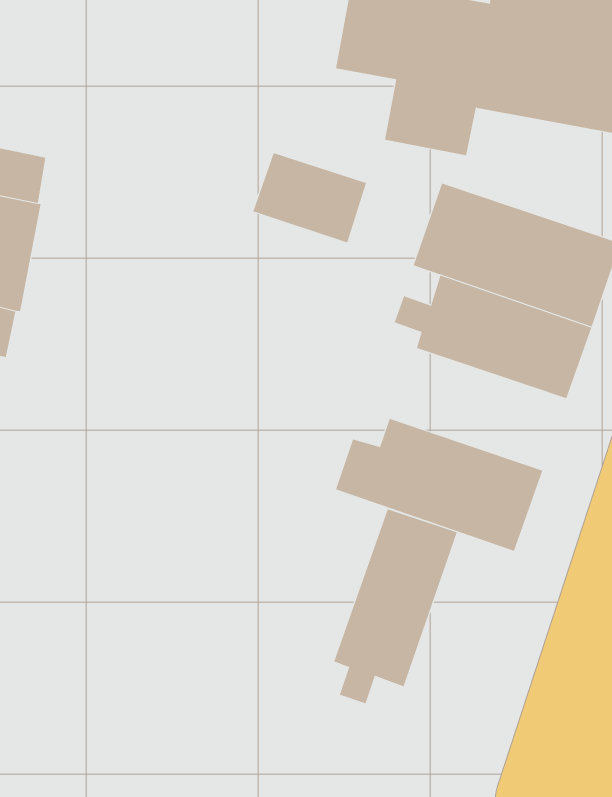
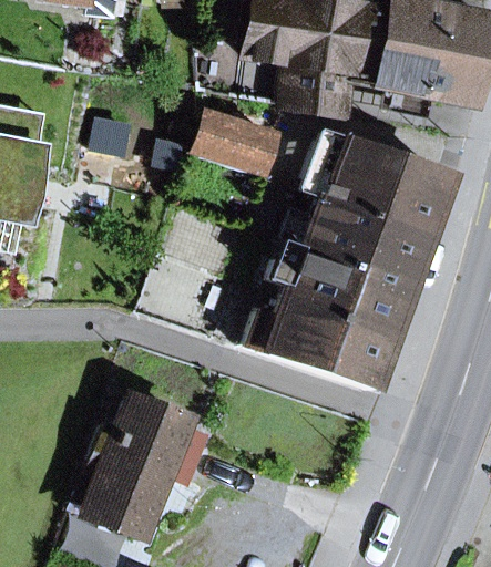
building: none -> [278,248,417,333]
building: [334,508,457,704] -> none
building: none -> [80,396,217,537]

